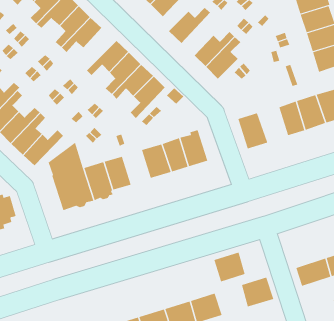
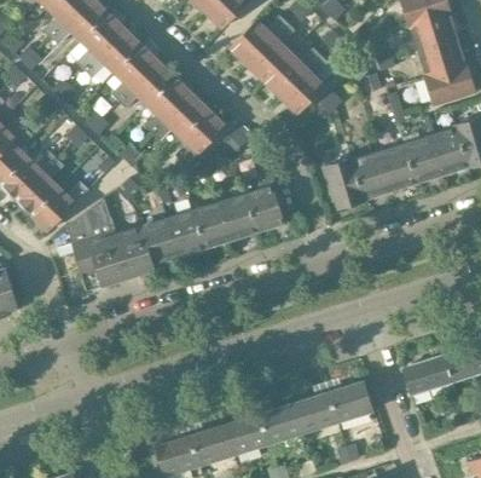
building: none -> [248,23,295,81]
building: none -> [111,42,160,102]
building: none -> [352,151,392,198]
building: none -> [168,209,205,257]
building: [213,252,245,282] -> [294,392,337,433]

